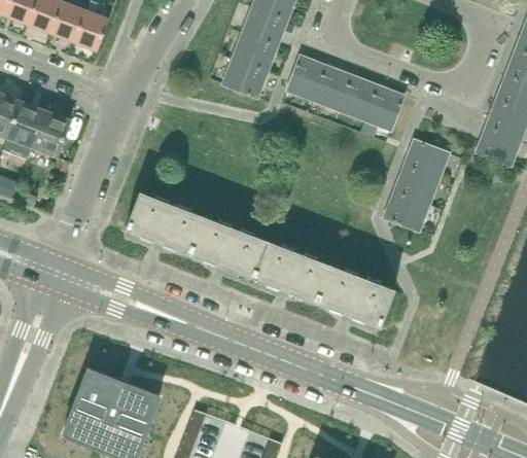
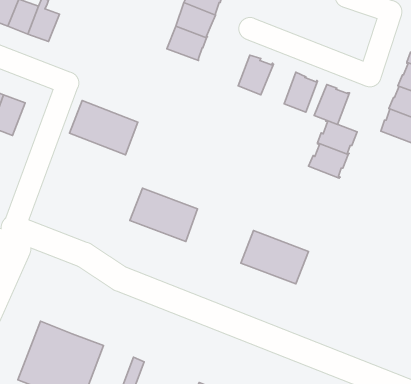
building: [286,56,326,101] -> none
building: [221,59,268,98] -> none
building: [339,76,379,121] -> [314,85,349,124]
building: [126,192,204,254] -> [69,100,138,155]
building: [383,192,428,232] -> none
building: [253,241,330,303] -> none

